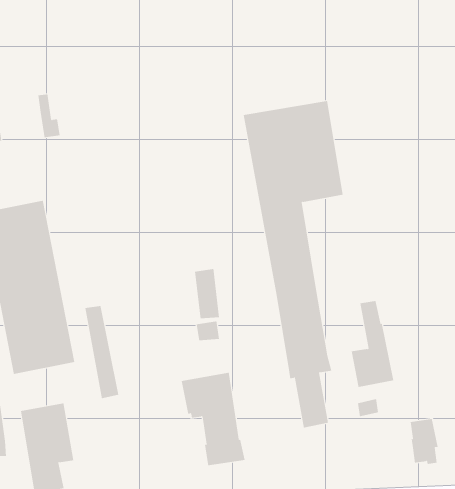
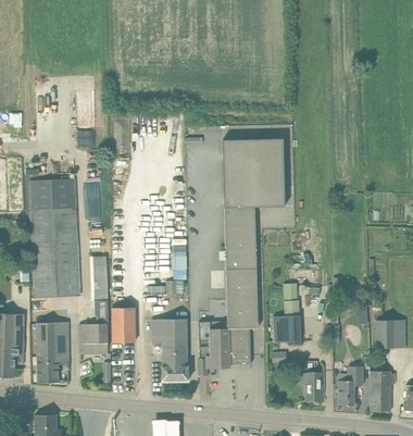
building: none -> [112,308,135,342]
building: none -> [198,322,231,375]
building: none -> [79,323,108,354]

